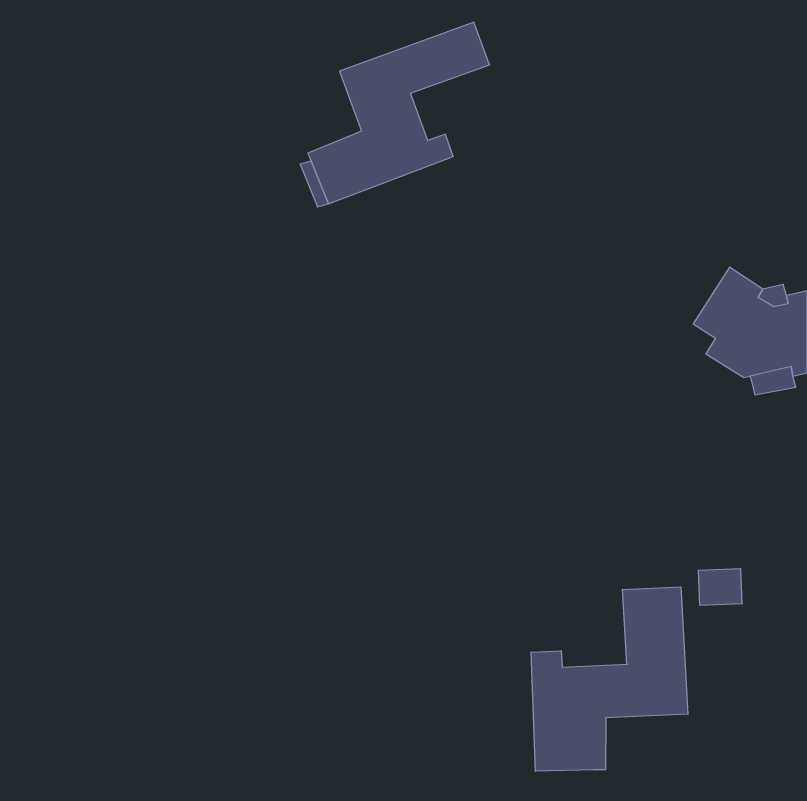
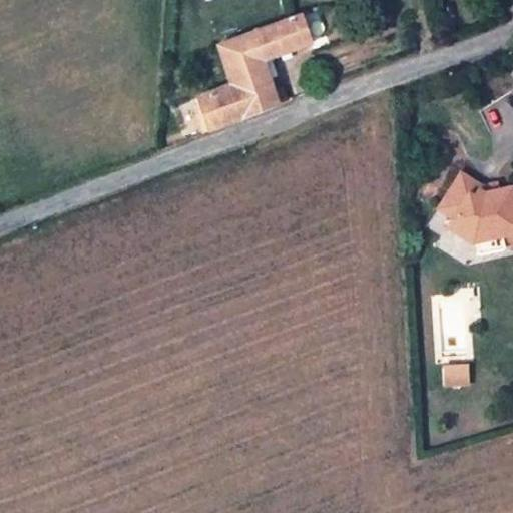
building: [531,587,688,771] -> none

